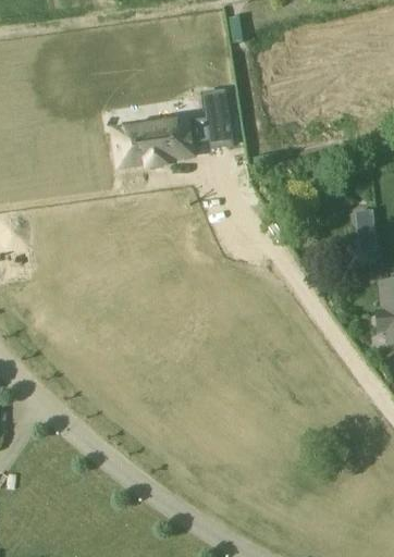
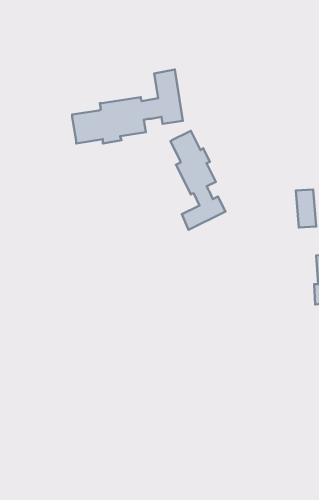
building: none -> [171,131,225,230]

